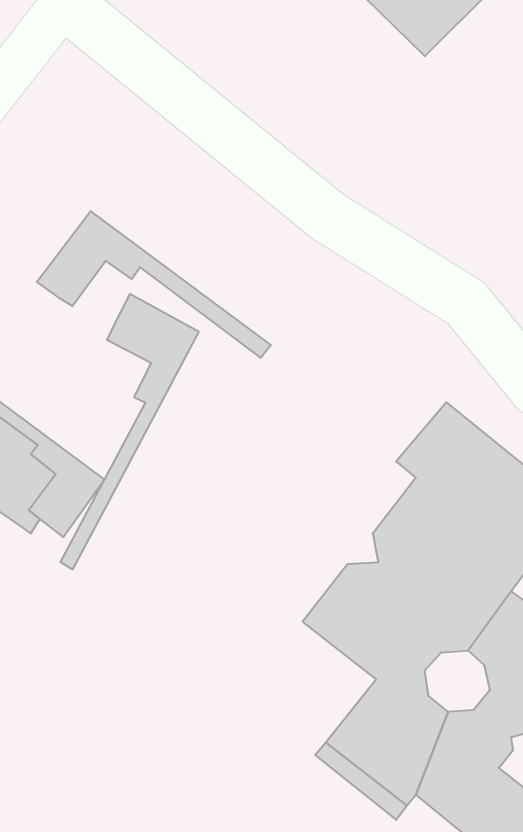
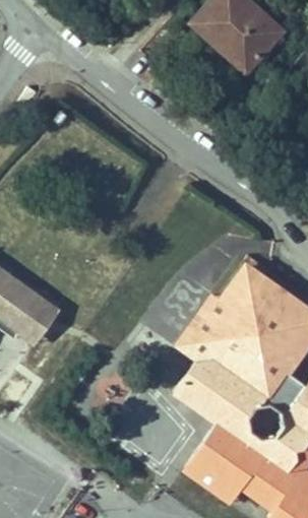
building: [37,211,271,358] -> none
building: [60,294,199,569] -> none
building: none -> [180,293,238,357]

